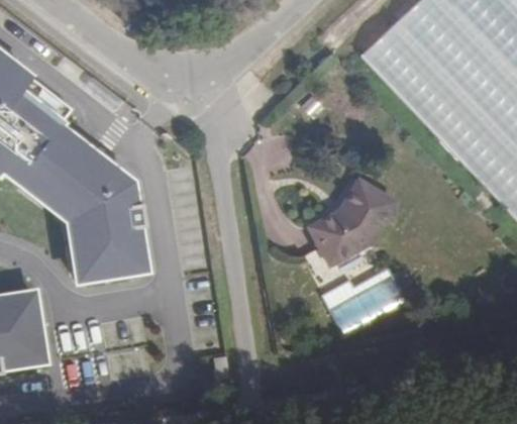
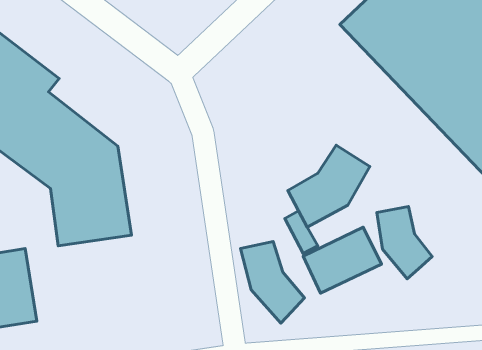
building: none -> [377,207,432,279]
building: none -> [241,241,304,323]

